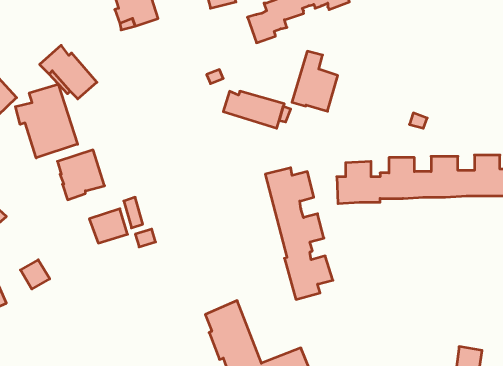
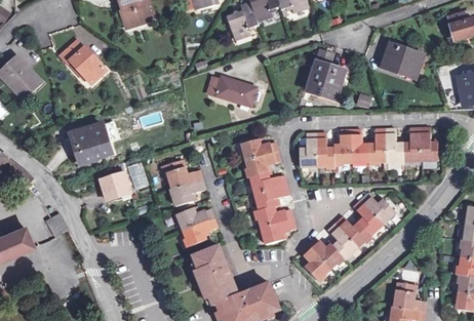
building: none -> [386,44,423,78]
building: [292,51,338,111] -> [308,50,345,98]
building: [15,84,78,158] -> none
building: none -> [164,159,204,206]
building: none -> [301,193,396,280]
building: none -> [176,206,218,246]

